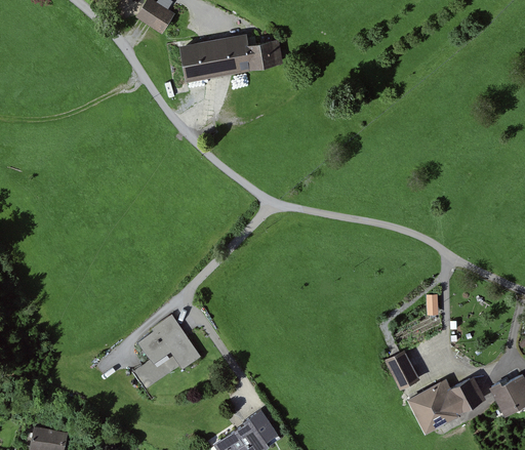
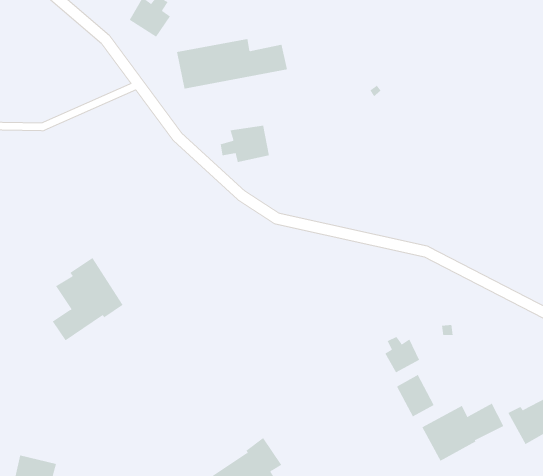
building: none -> [220,125,269,163]
building: [133,312,200,390] -> [52,257,124,341]
building: none -> [384,336,420,373]

